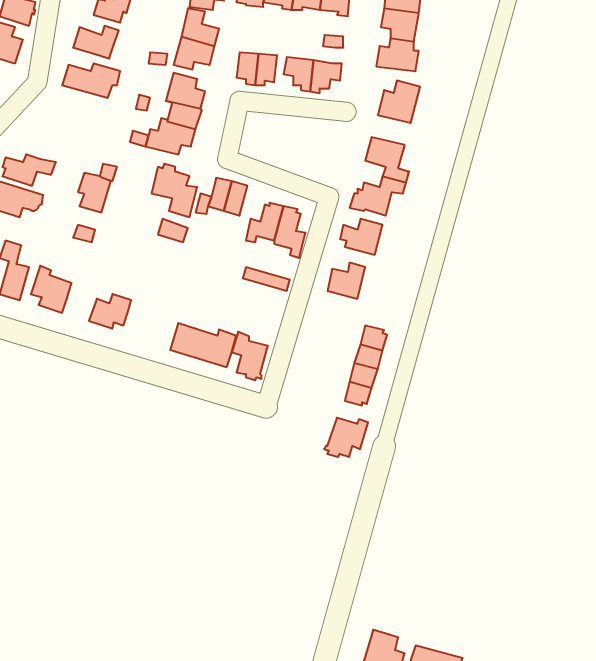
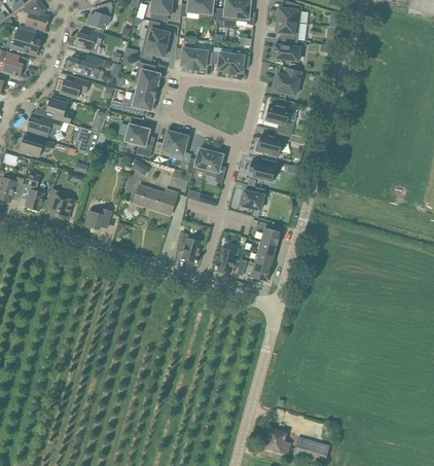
building: none -> [59,76,88,98]
building: none -> [45,98,72,123]
building: [170,323,236,367] -> [133,185,176,214]
building: [324,418,368,457] -> [214,247,243,273]

